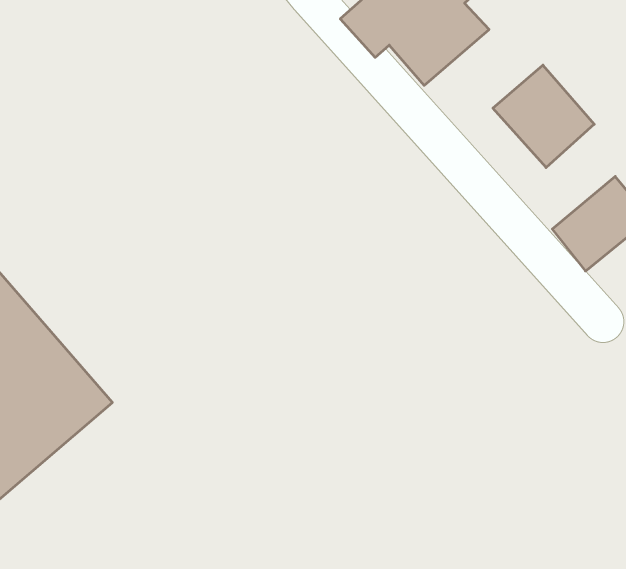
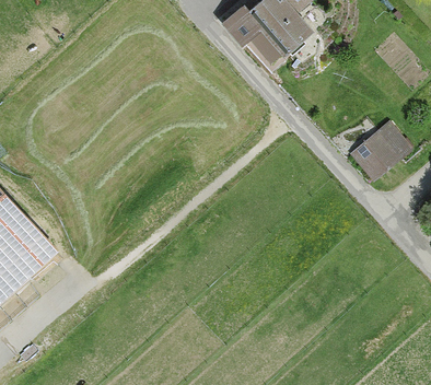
building: [493,65,594,168] -> none

